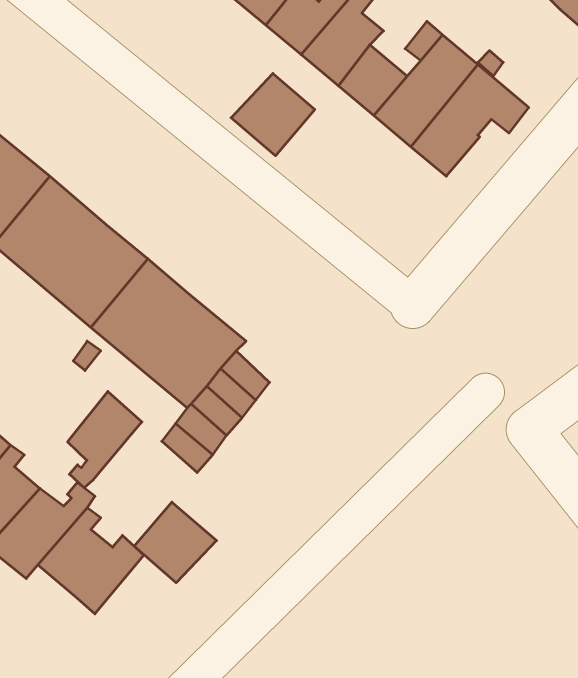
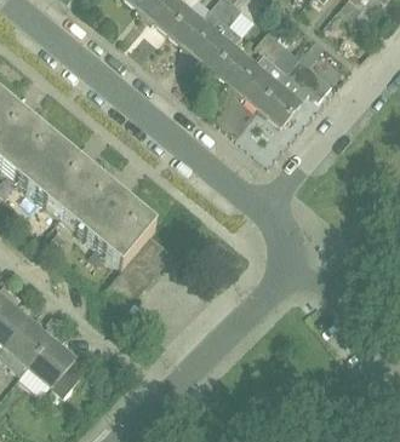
building: [231,73,315,156] -> none
building: [68,391,142,488] -> none
building: [134,502,217,583] -> none

